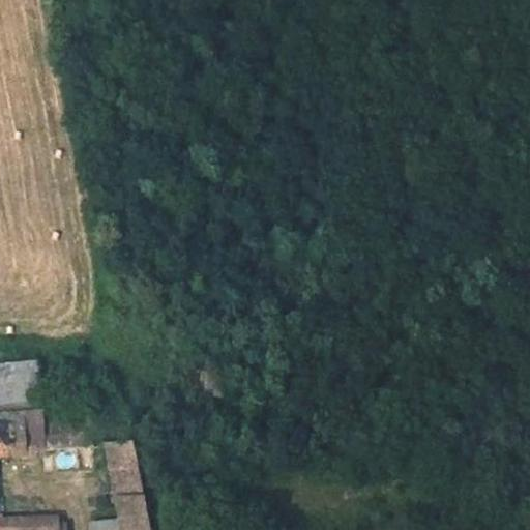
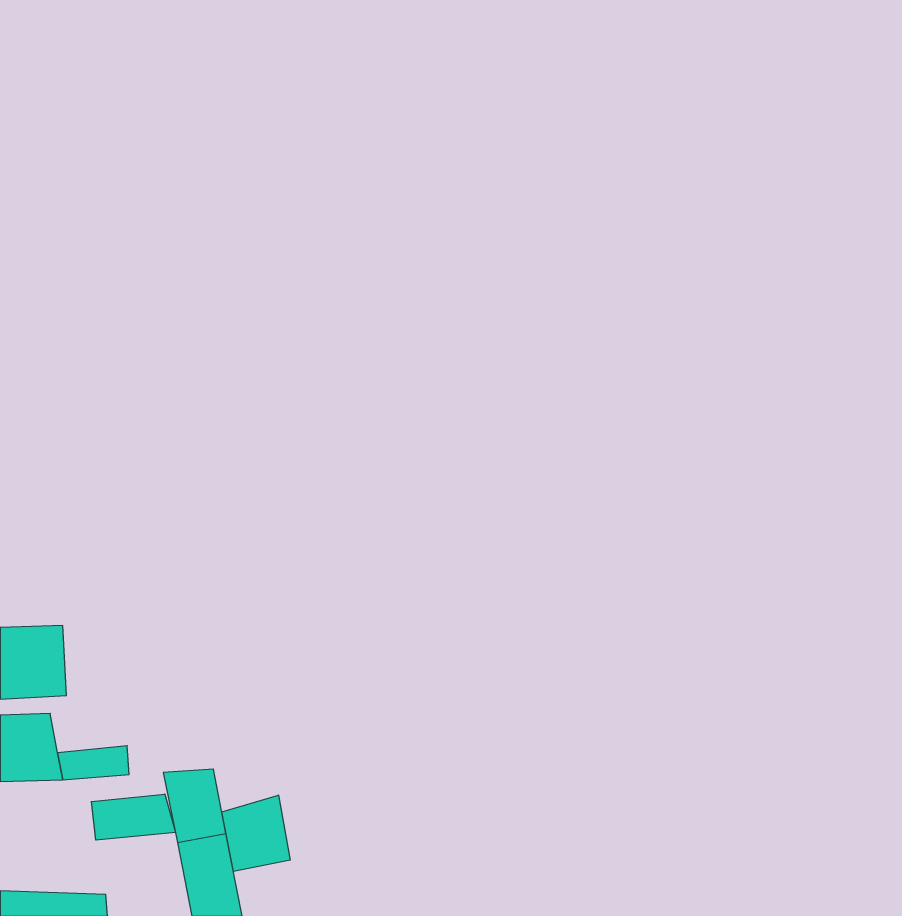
building: none -> [91,794,175,840]
building: none -> [222,795,290,872]

